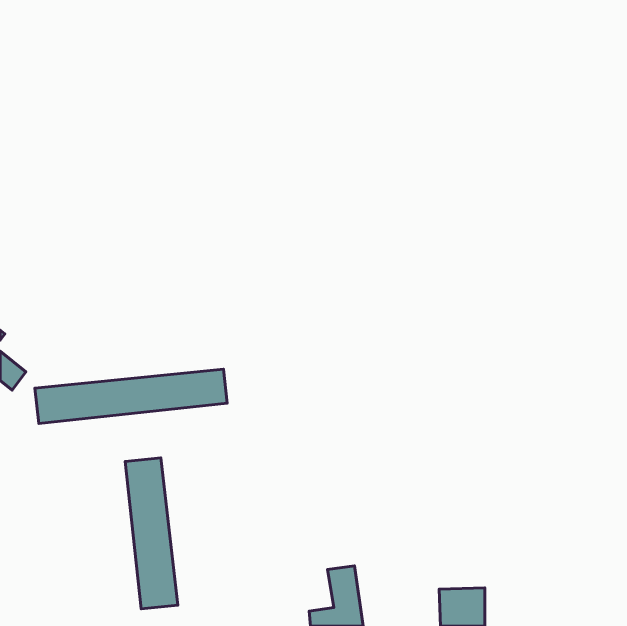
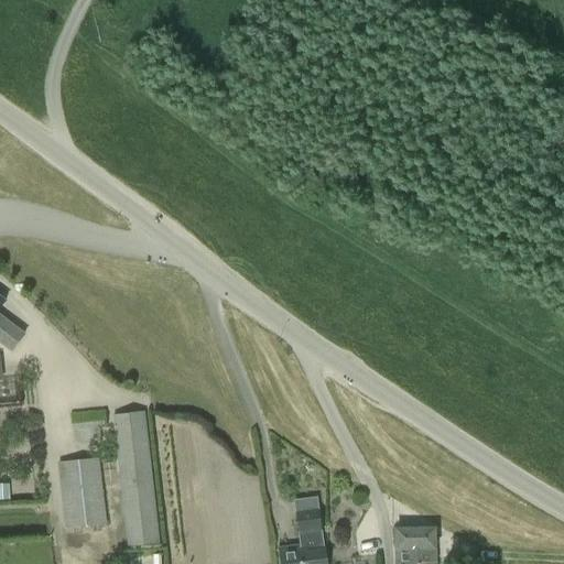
building: [35,369,227,423] -> none
building: none -> [57,457,107,528]

